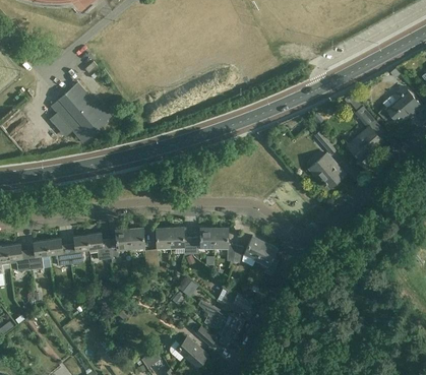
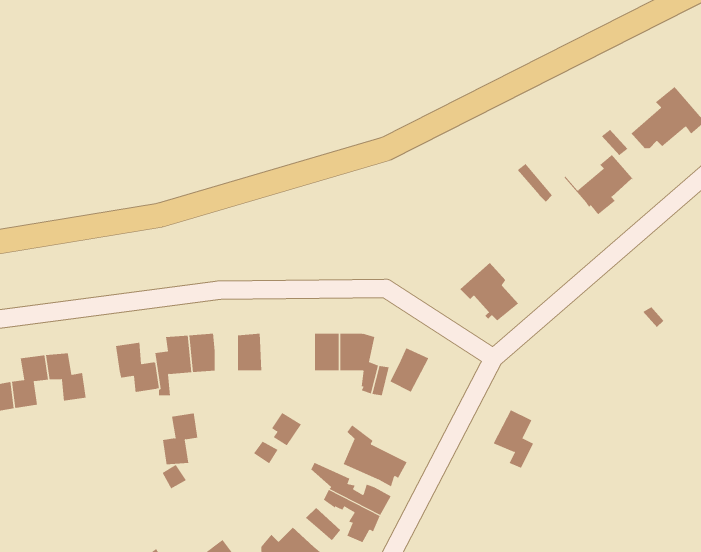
building: [50,82,112,142] -> none
building: [308,152,342,186] -> [459,262,519,321]
building: [169,226,192,253] -> none
building: [68,234,88,263] -> [162,413,198,465]
building: [254,241,278,274] -> [493,409,534,468]

